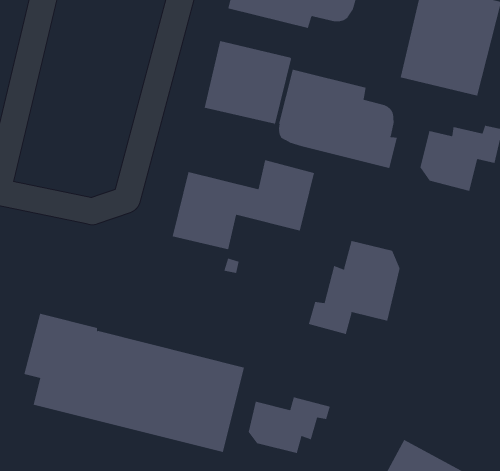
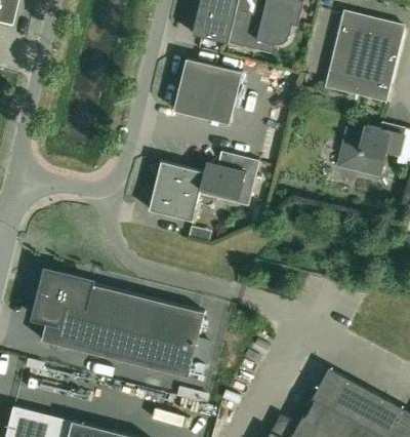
building: [278,69,398,169] -> none
building: [308,240,400,335] -> none
building: [248,396,331,454] -> none

